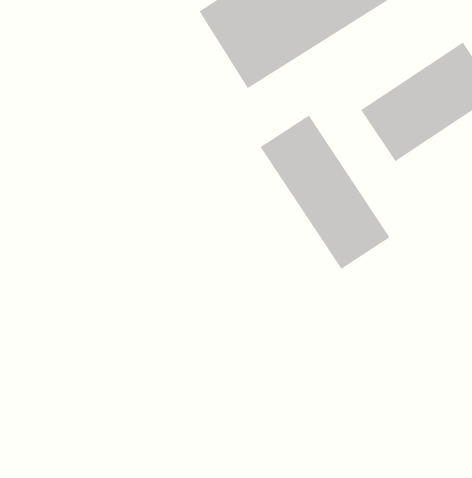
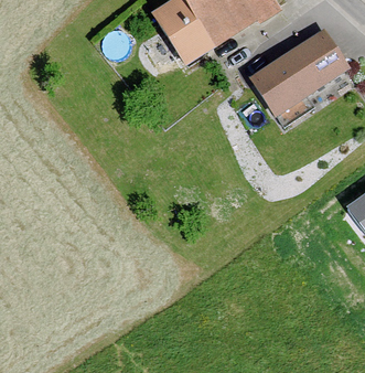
building: [260,114,390,270] -> none

